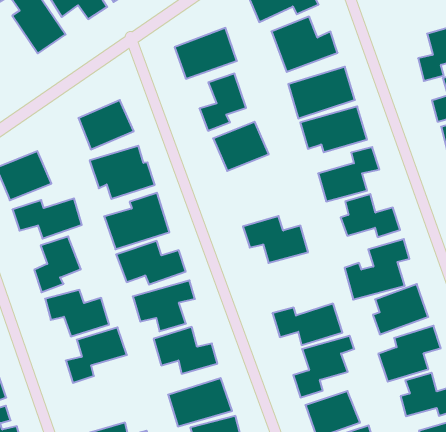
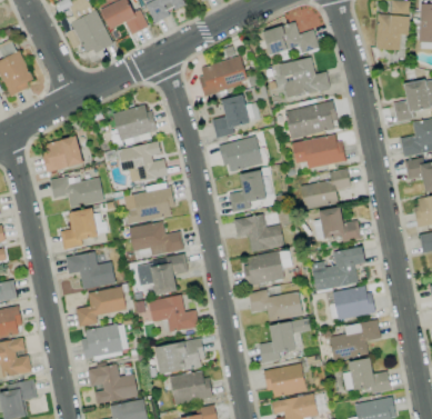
building: none -> [229,170,273,212]
building: none -> [245,251,291,283]
building: none -> [82,322,129,359]

